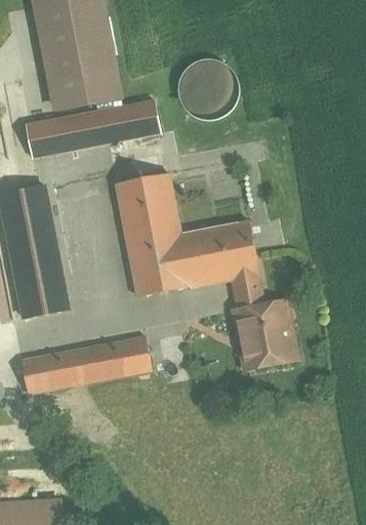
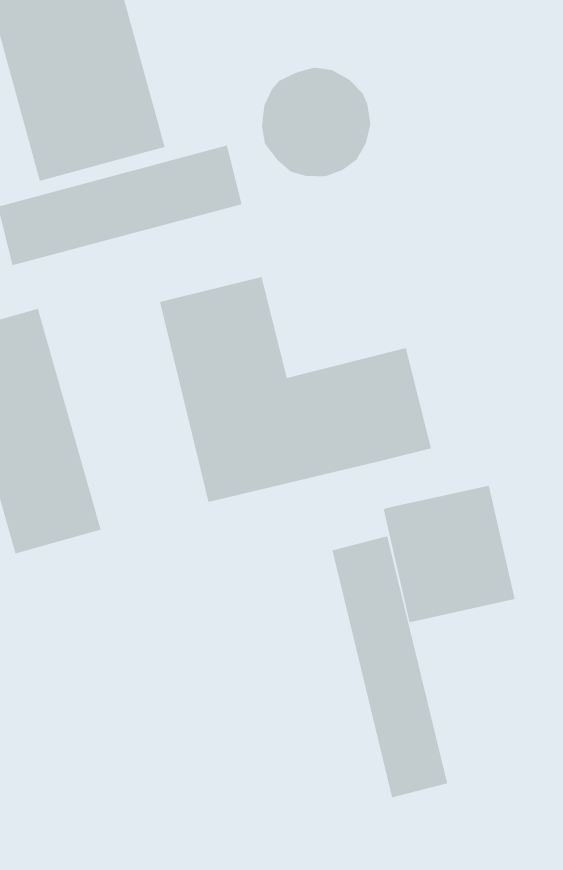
building: [231,276,263,307] -> none
building: none -> [332,535,448,798]
building: [22,336,151,395] -> none

